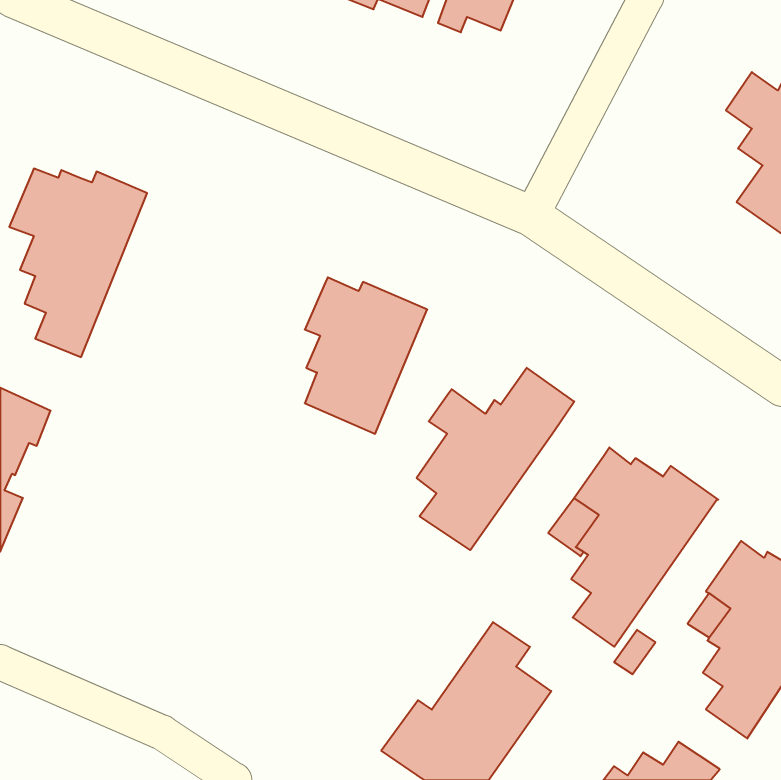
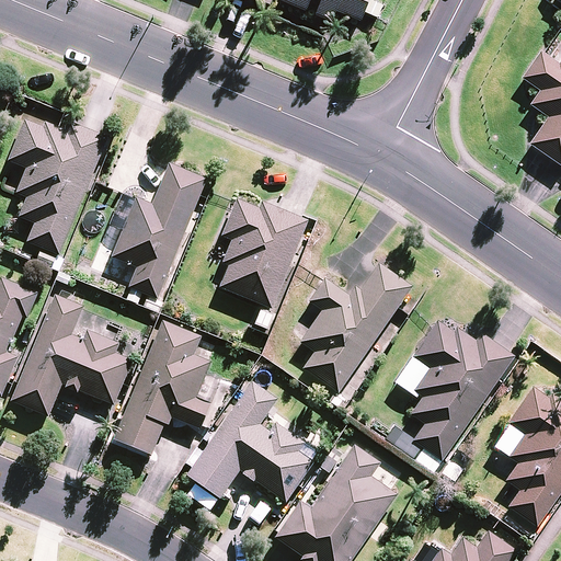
building: none -> [110,164,206,299]
building: none -> [10,294,131,417]
building: none -> [113,320,210,455]
building: none -> [186,381,313,502]

